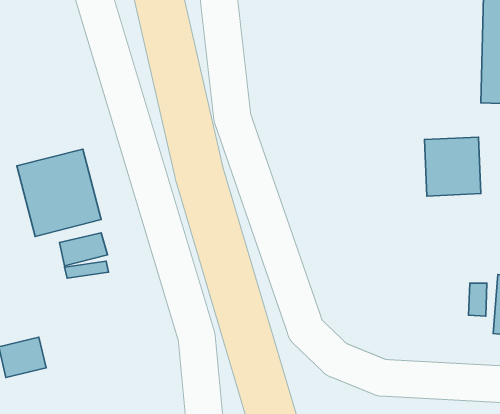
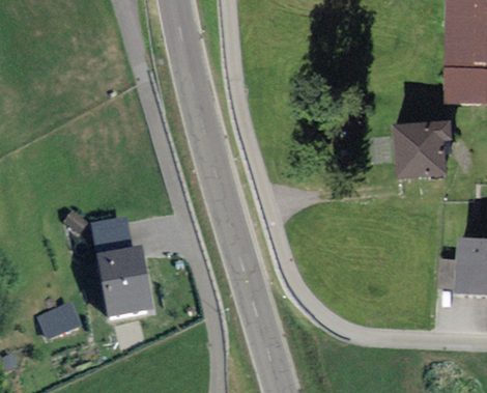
building: [17,149,101,236] -> none
building: none -> [101,254,150,318]

